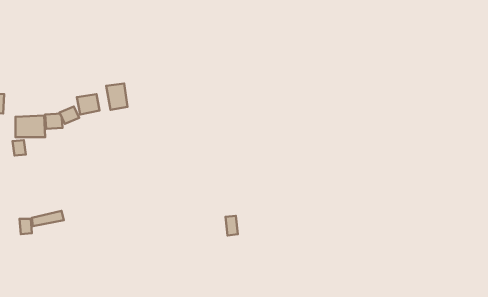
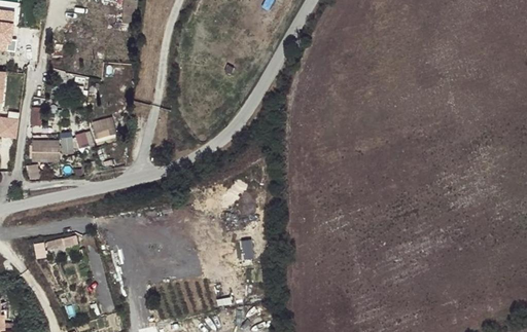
building: [106,84,128,110] -> none

